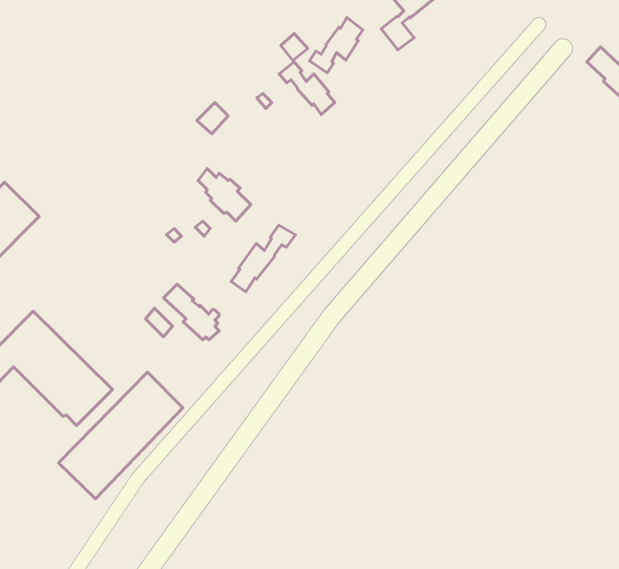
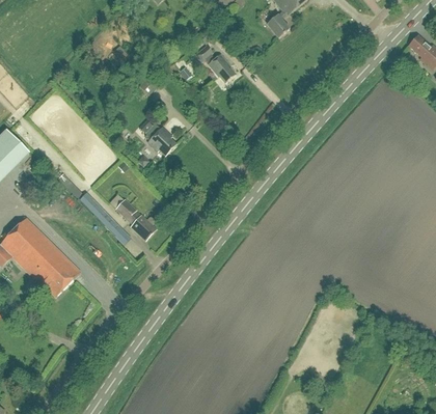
building: [310,17,363,73] -> none
building: [231,225,296,292] -> none
building: [58,372,183,499] -> none

